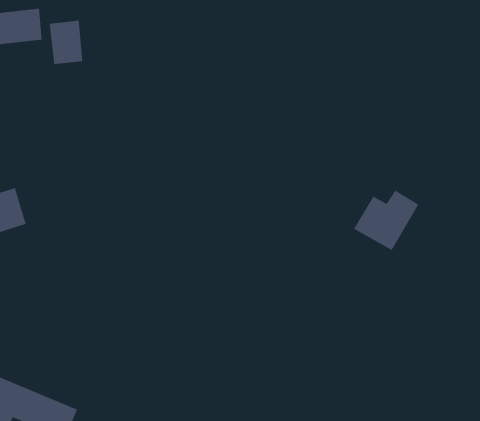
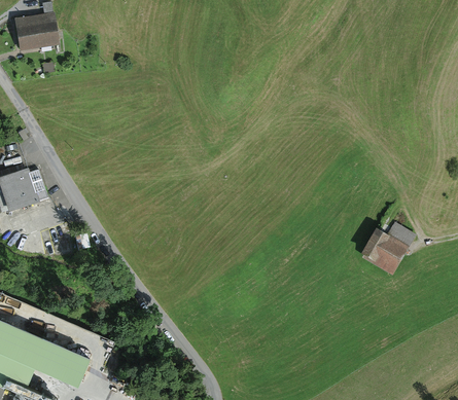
building: [49,20,83,65] -> none
building: [353,190,419,251] -> [358,225,414,277]

